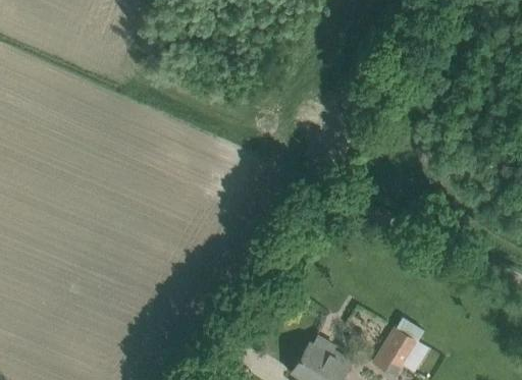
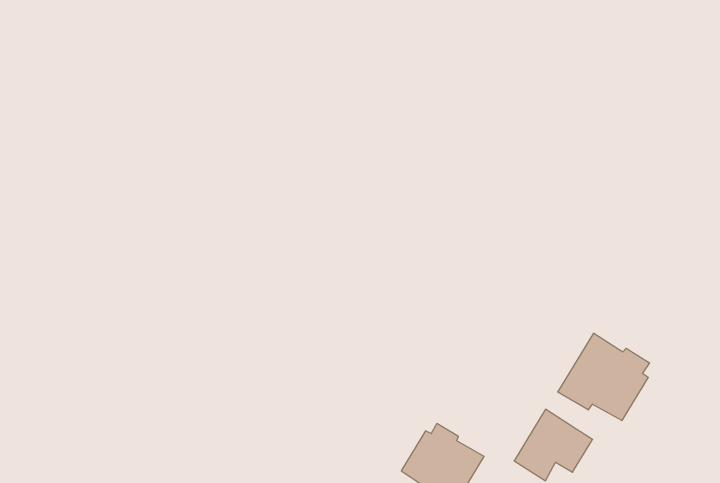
building: none -> [558,333,649,421]

